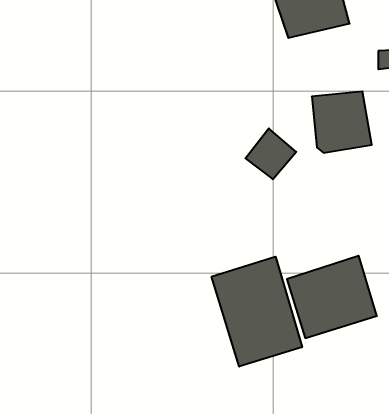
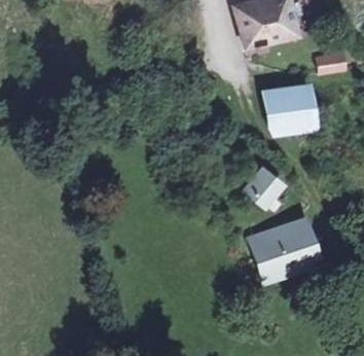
building: [245,128,296,179] -> [245,165,285,205]
building: [212,257,302,367] -> none

